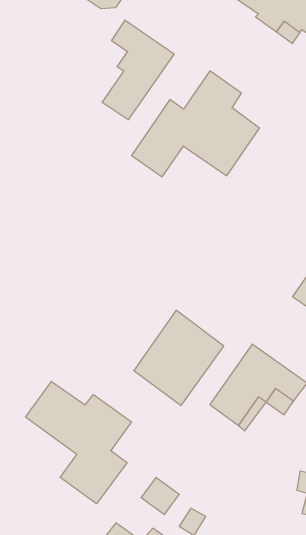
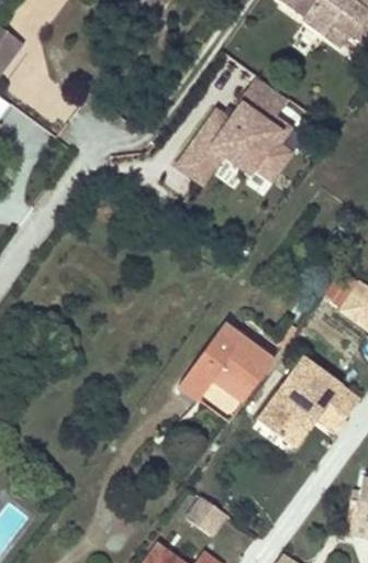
building: [102,20,174,120] -> none
building: [26,381,131,504] -> none

